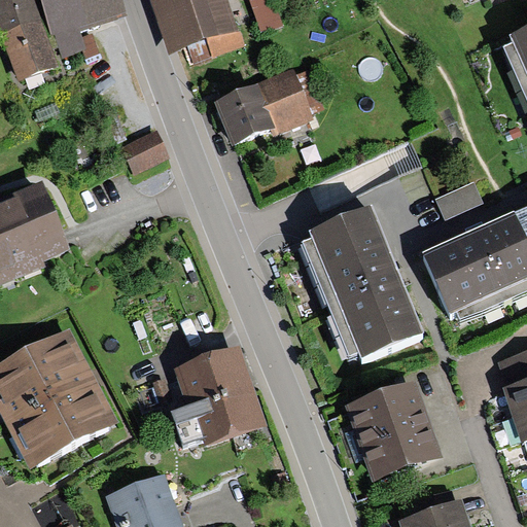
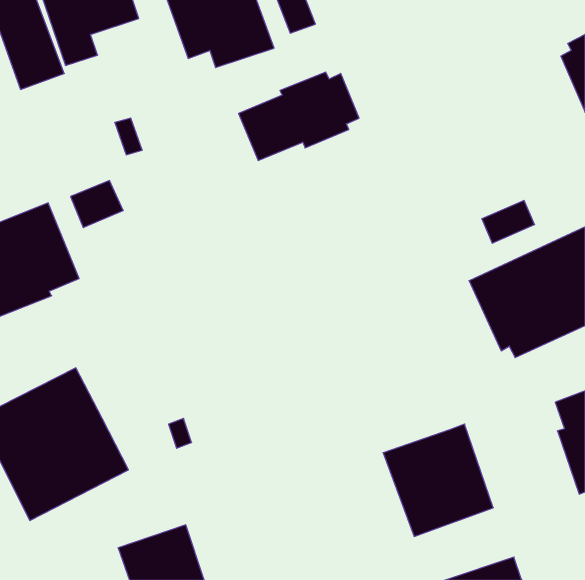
building: [121,129,169,171] -> [71,181,123,228]
building: [303,208,423,359] -> none
building: [170,342,268,445] -> none

